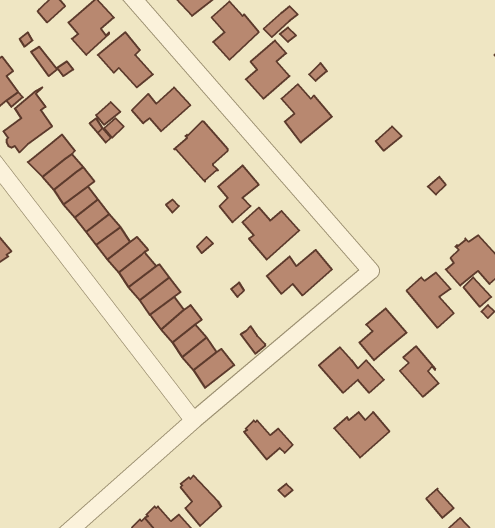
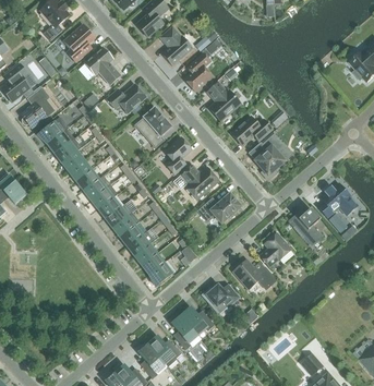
building: none -> [230,116,270,145]
building: none -> [254,133,291,180]
building: [400,346,439,397] -> none
building: [334,412,389,458] -> [201,284,238,314]
building: none -> [171,315,200,350]
building: none -> [147,336,184,366]

